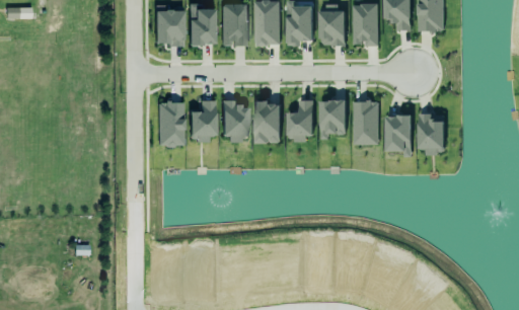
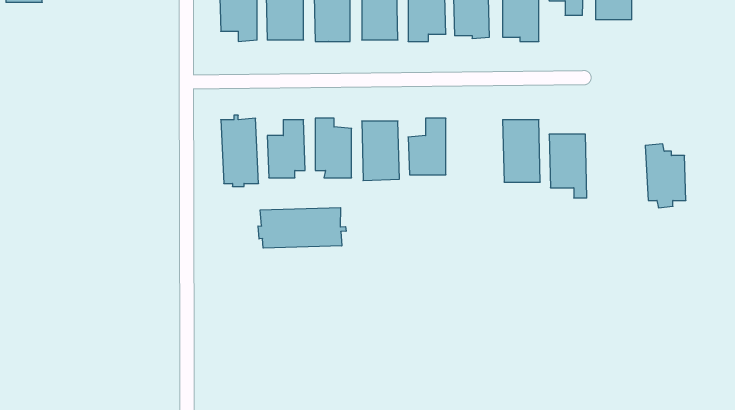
building: [319,100,346,140] -> none
building: [416,110,444,155] -> [645,144,686,208]
building: none -> [258,208,346,248]

